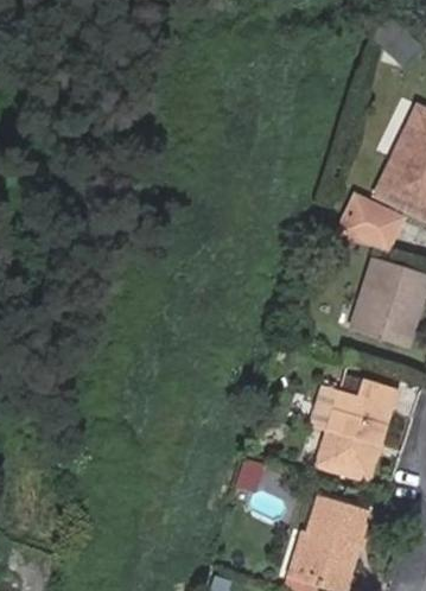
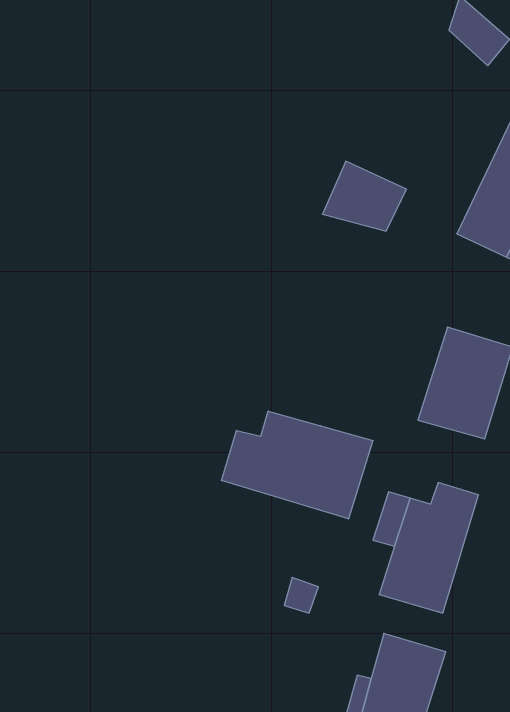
building: [336,195,400,248] -> [322,161,406,231]
building: none -> [222,411,373,519]

